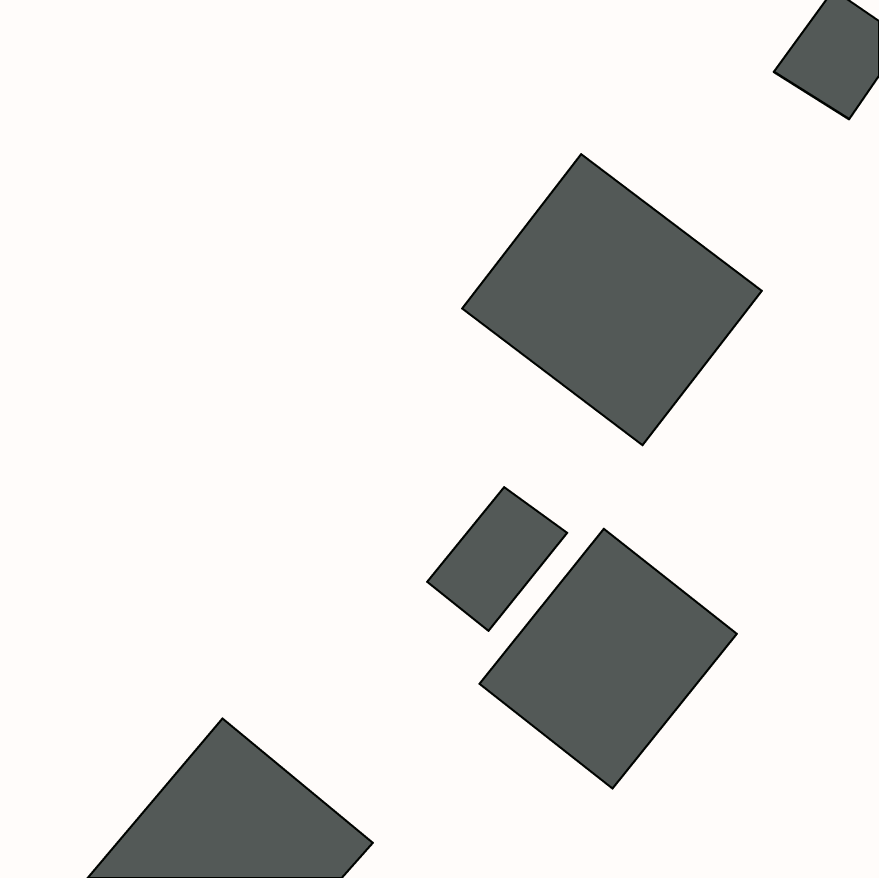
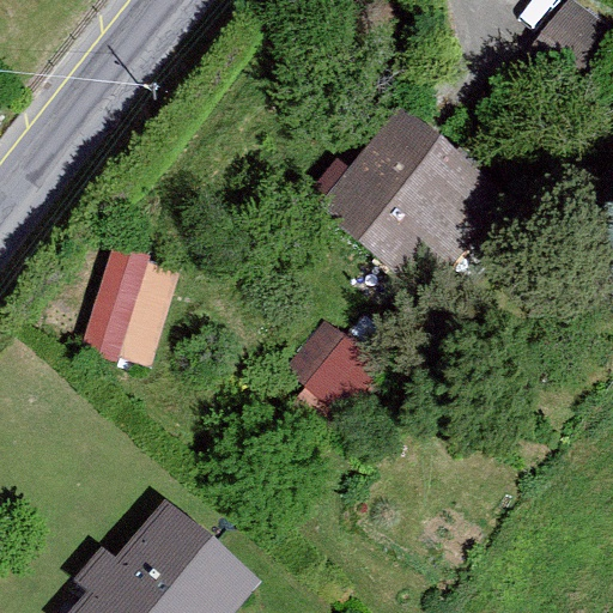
building: none -> [83,235,176,366]
building: [480,529,737,789] -> none

